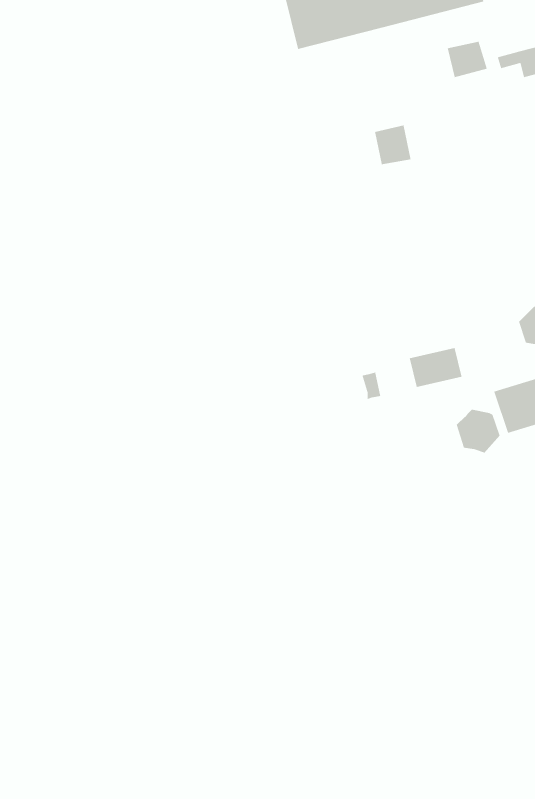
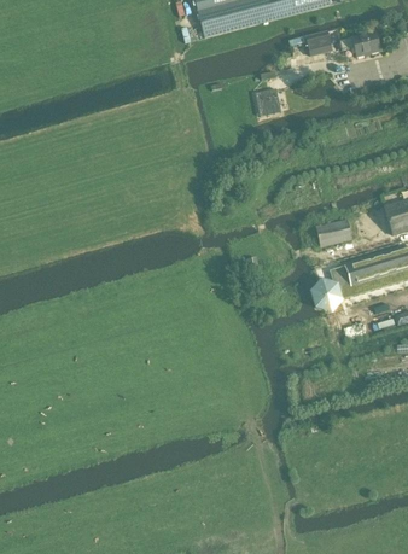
building: [409,347,462,388] -> [315,217,351,245]

